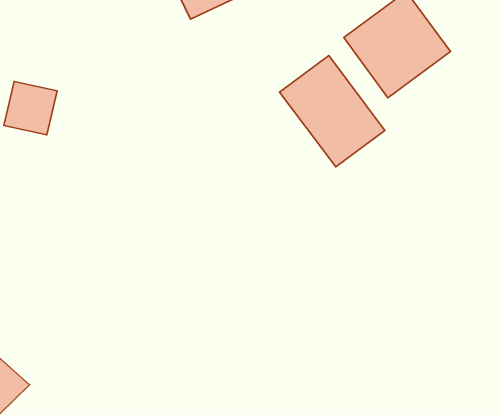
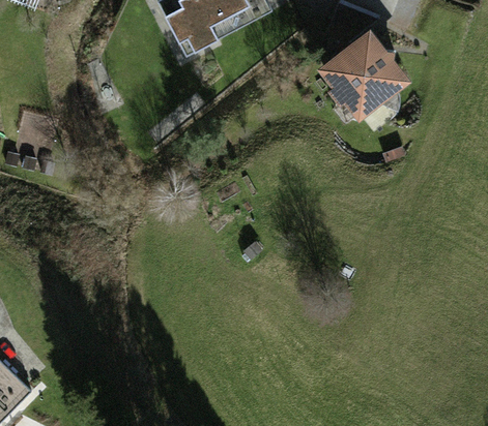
building: [280,56,385,167] -> none

